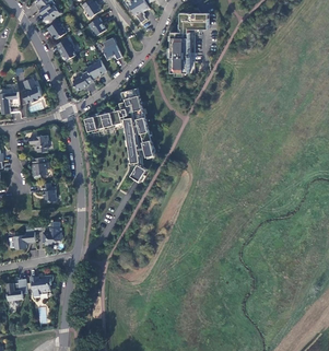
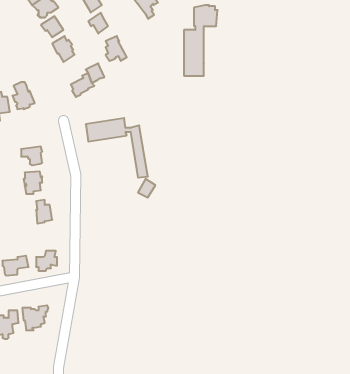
building: [122,89,154,156] -> none

